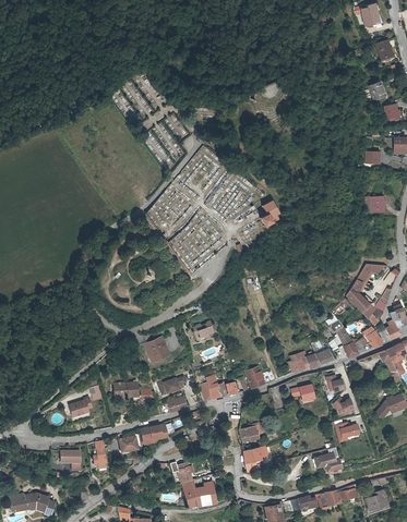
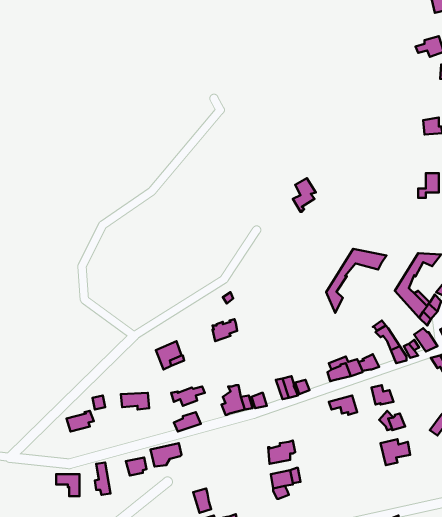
building: none -> [326,249,386,313]
building: [313,451,344,475] -> none

